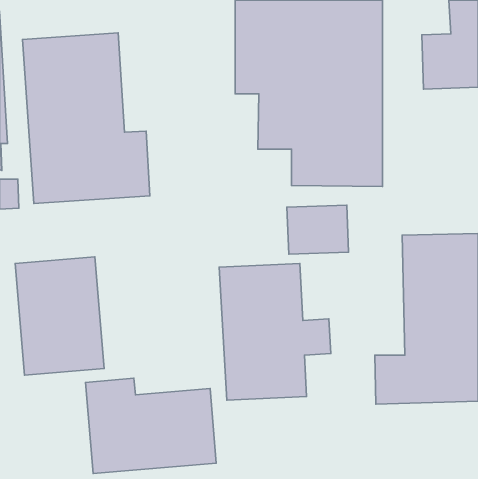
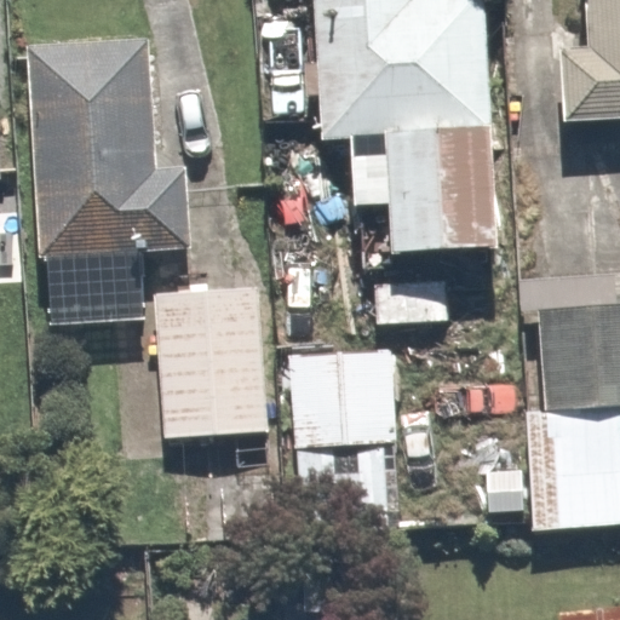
building: [15,257,104,375] -> [156,289,271,442]
building: [85,378,216,474] -> none

